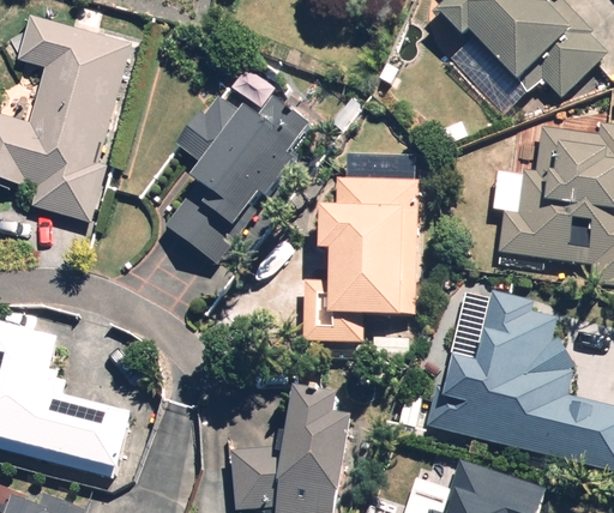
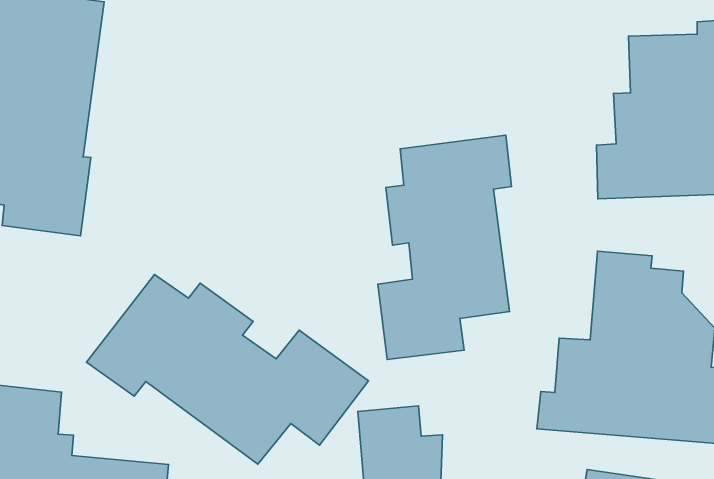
building: [156,92,318,266] -> none
building: none -> [86,274,369,464]

